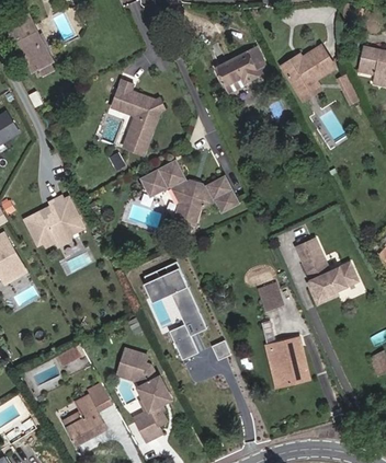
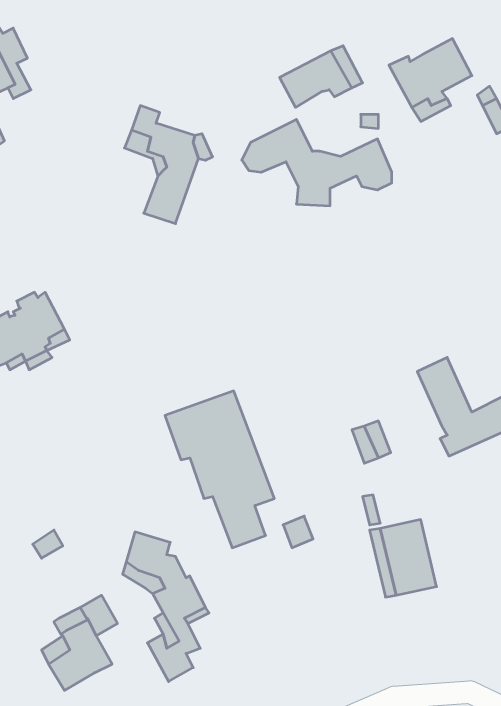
building: [141,163,235,217] -> [242,119,392,206]

